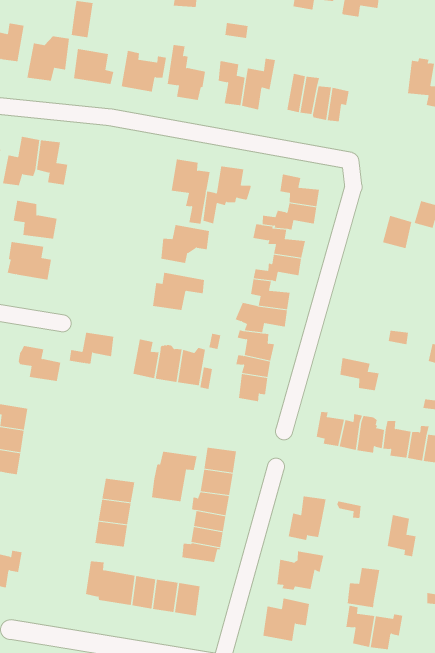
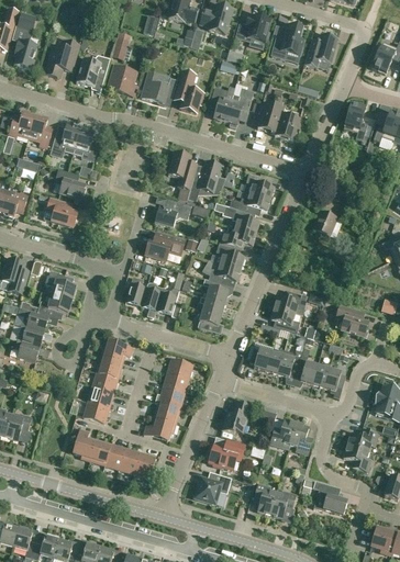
building: [69,332,114,364] -> [37,294,71,317]
building: none -> [275,293,307,315]
building: [151,451,197,502] -> [97,340,133,378]
building: [347,567,380,608] -> [270,419,297,449]

